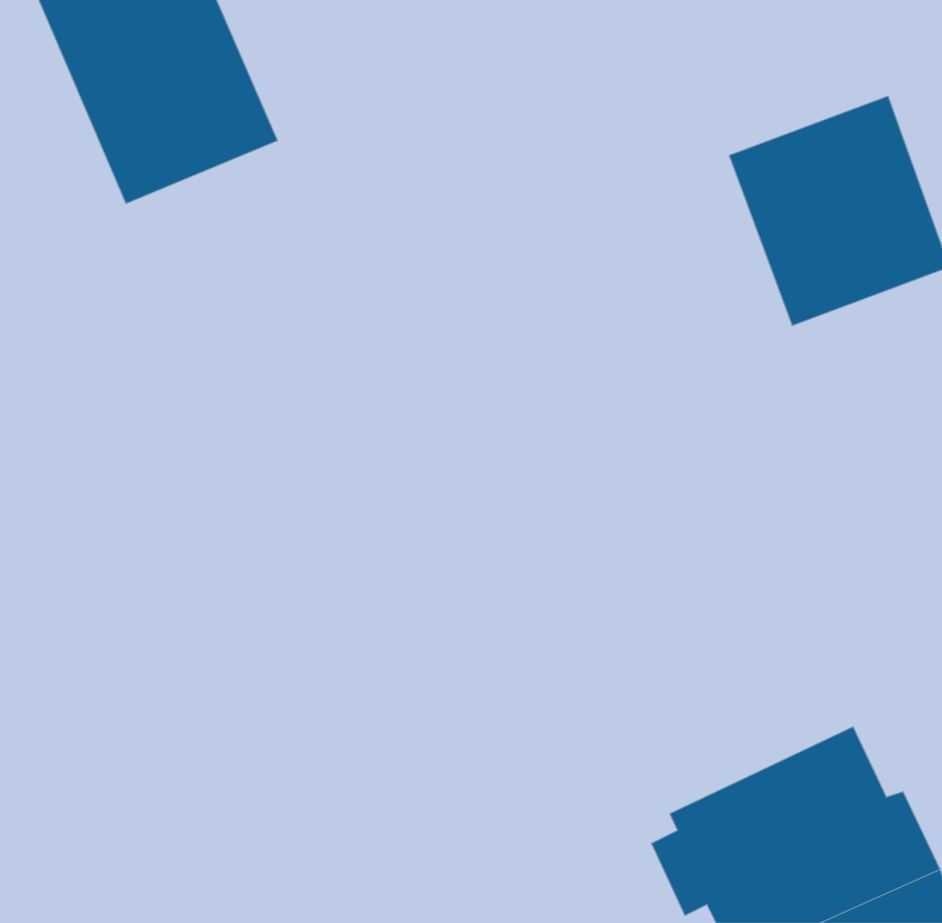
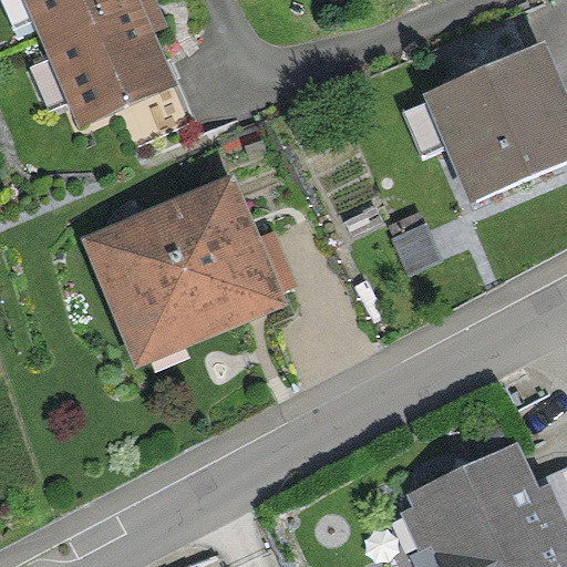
building: none -> [99,204,271,370]

